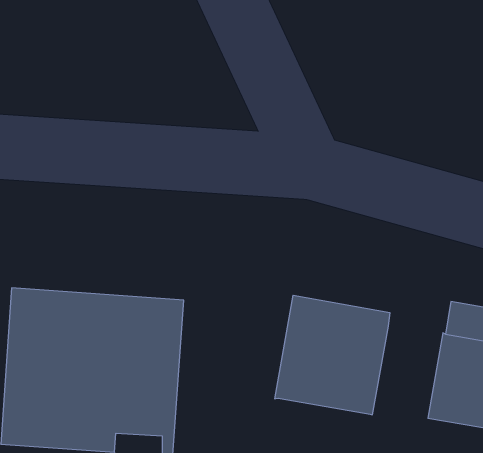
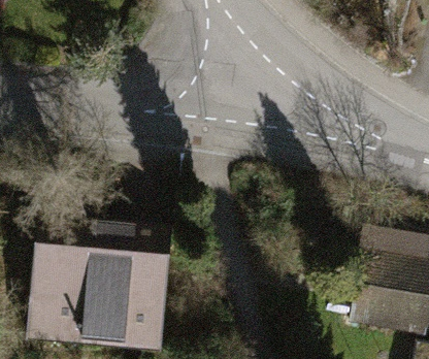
building: [275,295,390,415] -> none

